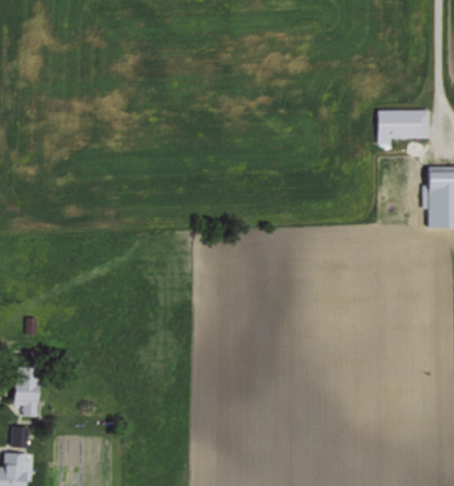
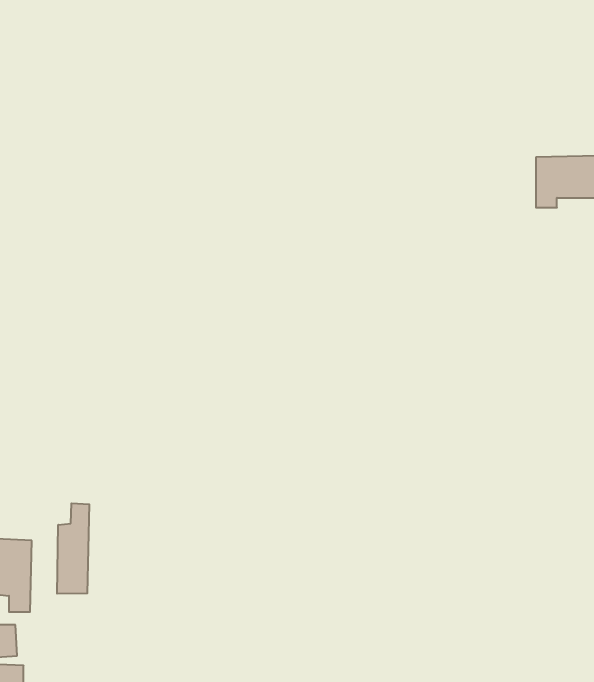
building: none -> [57,503,89,594]

